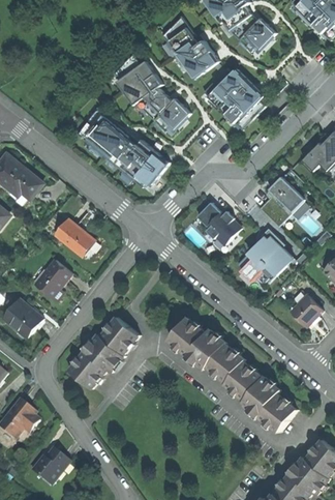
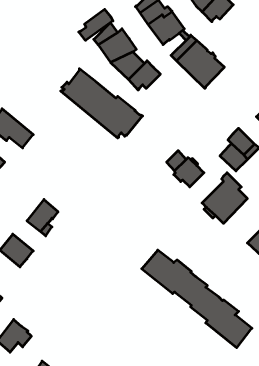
building: none -> [79,9,113,40]
building: [55,218,95,257] -> none
building: [69,317,139,388] -> none

